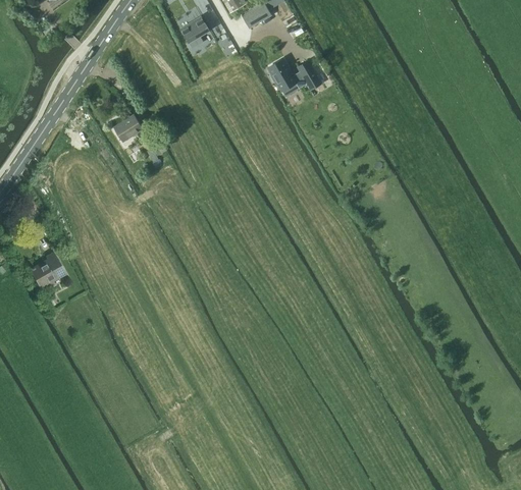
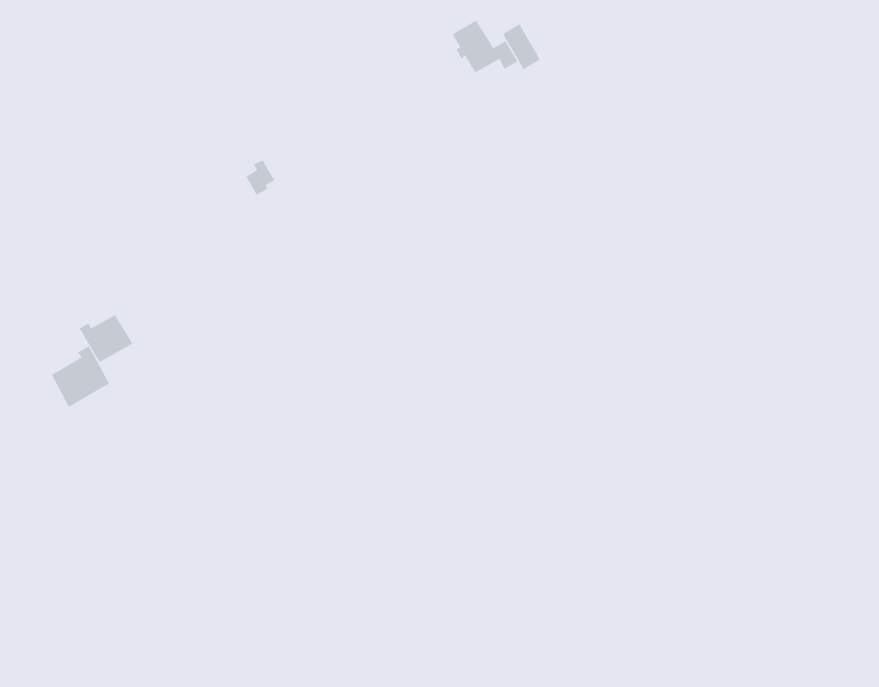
building: [113,113,143,141] -> none
building: none -> [79,314,133,363]

